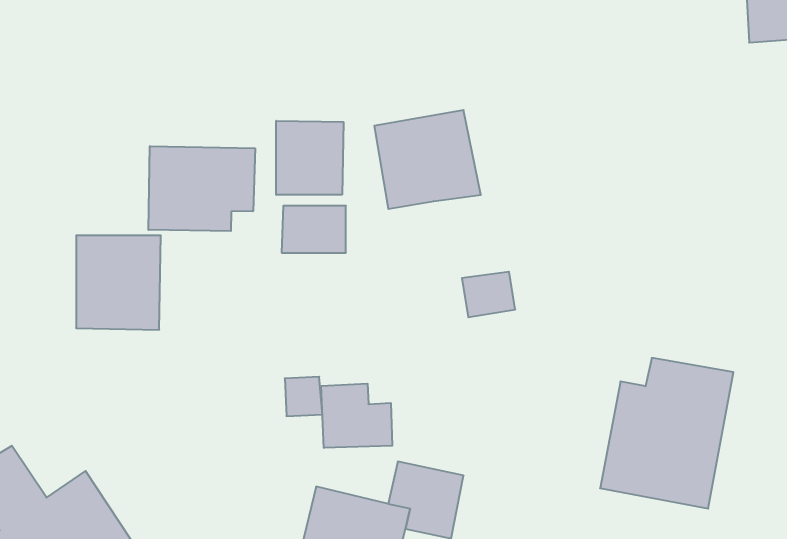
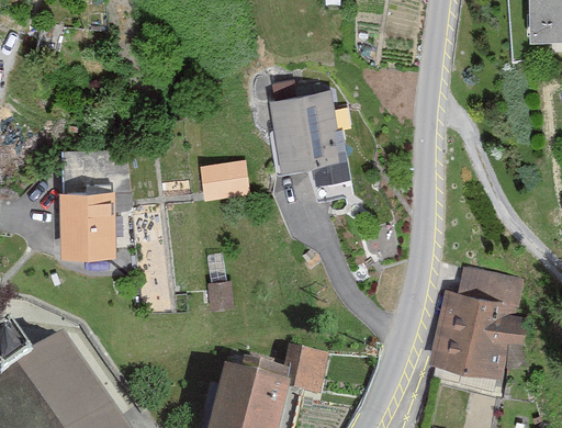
building: [276,121,343,195] -> none
building: [148,146,255,231] -> none
building: [462,272,515,317] -> [311,154,348,185]
building: [321,384,392,448] -> none

